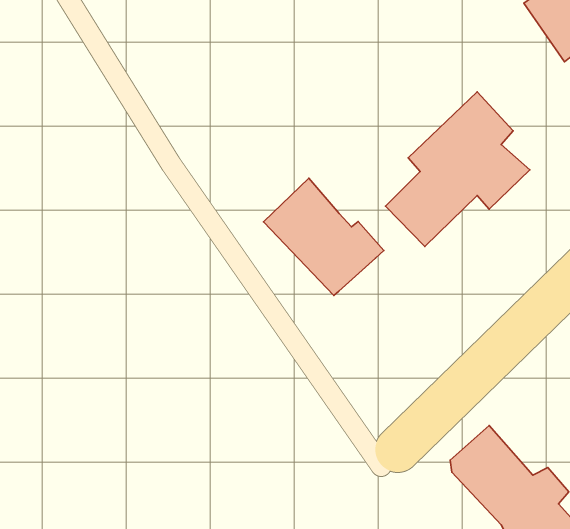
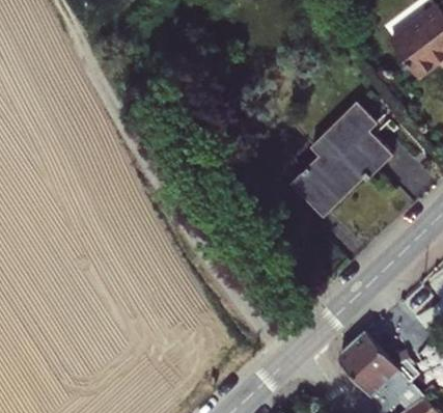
building: [264,178,384,295] -> none

